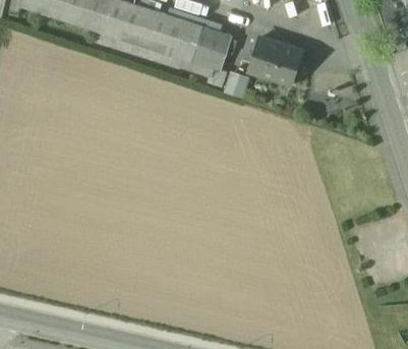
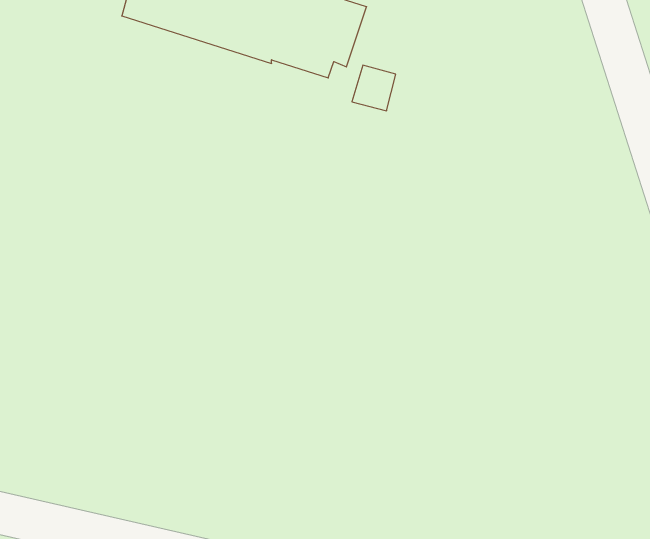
building: [249,38,301,83] -> none

